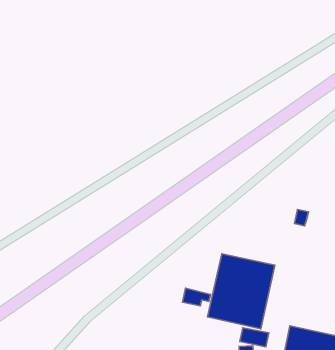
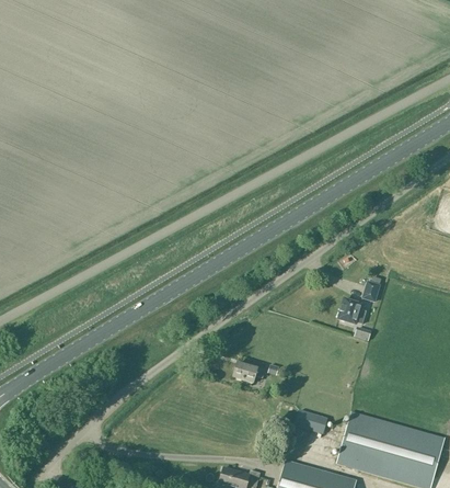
building: none -> [338,298,366,324]
building: [207,254,275,329] -> none

